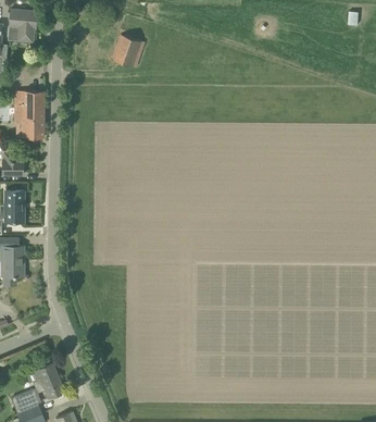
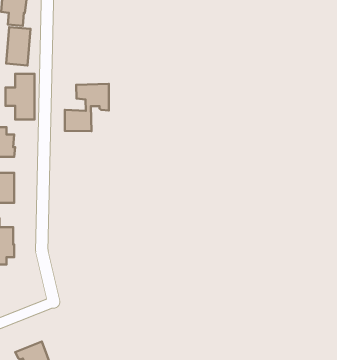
building: [113,36,141,67] -> none
building: none -> [6,27,31,65]
building: none -> [65,84,109,131]

